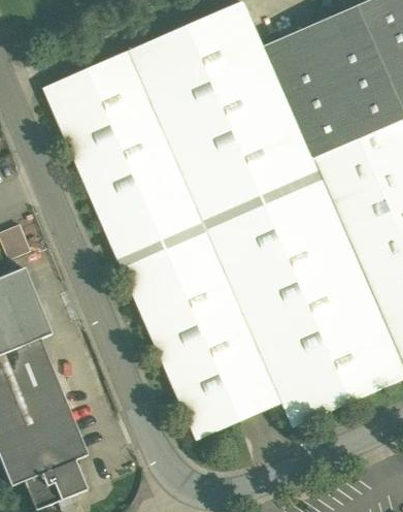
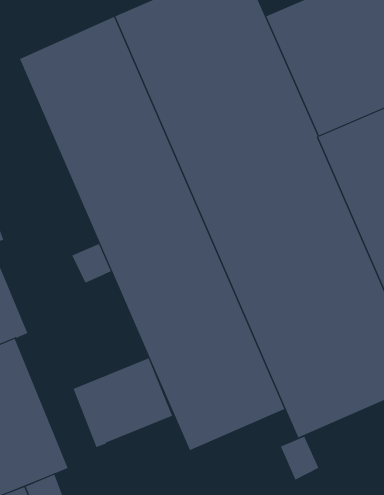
building: none -> [72,243,111,284]
building: none -> [73,357,173,448]
building: none -> [280,436,319,480]

